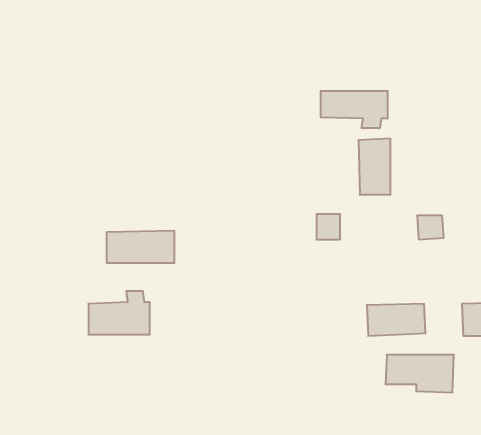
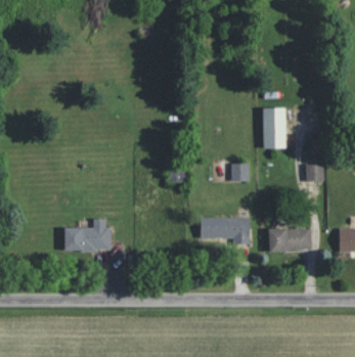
building: [321,91,387,128] -> none
building: [107,231,174,263] -> none
building: [385,355,454,392] -> [201,217,251,244]

